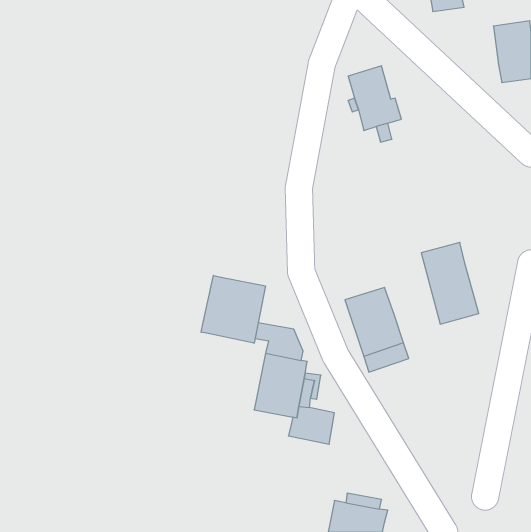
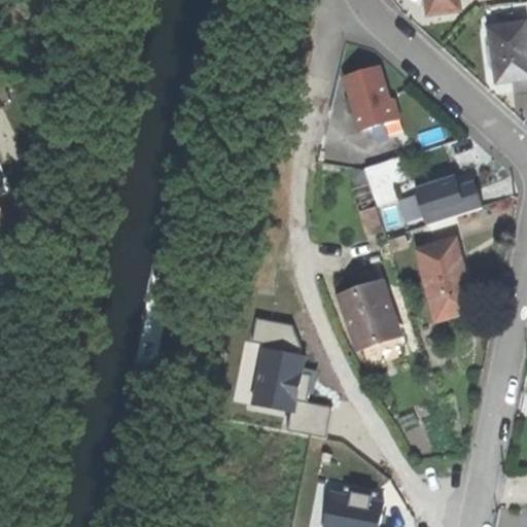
building: none -> [363,156,408,204]
building: none -> [413,174,480,224]
building: [201,275,265,343] -> none

